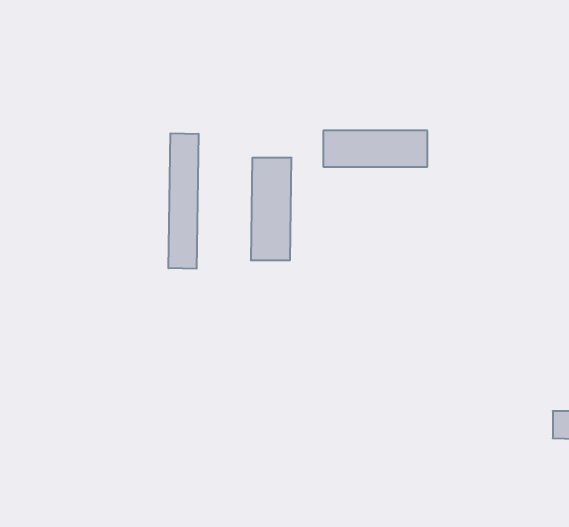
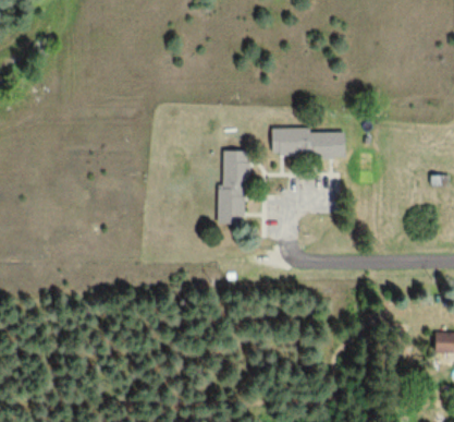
building: [168,133,199,269] -> none

